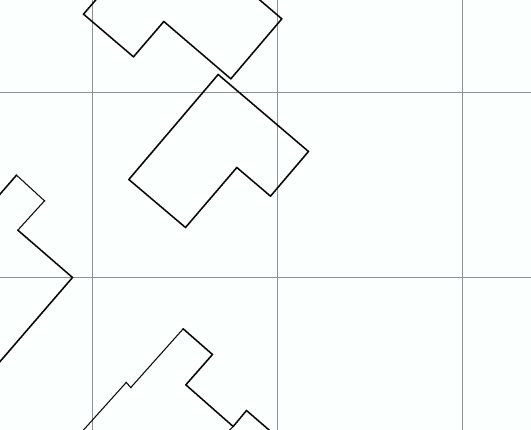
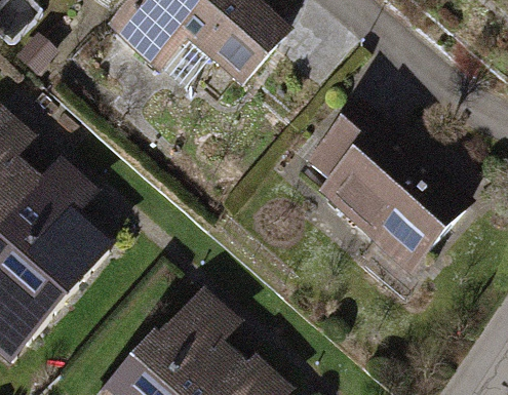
building: [129,75,309,228] -> none
building: none -> [310,116,463,265]

